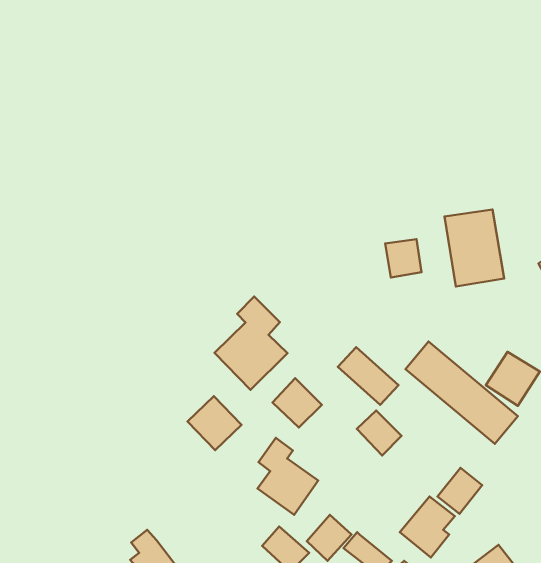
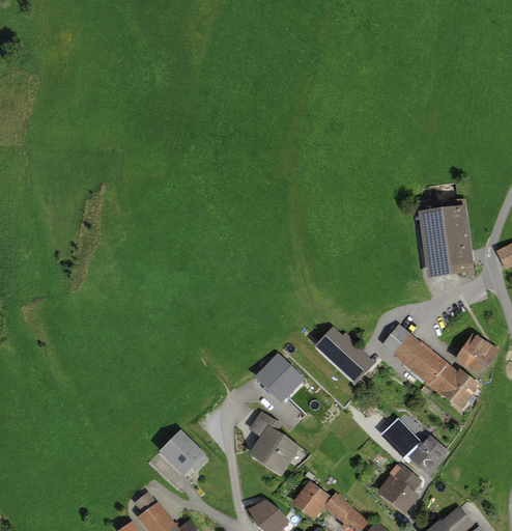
building: [385,239,421,277] -> none
building: [215,296,287,390] -> none
building: [187,396,241,450] -> [157,430,205,479]
building: [357,411,402,455] -> [379,419,420,459]

